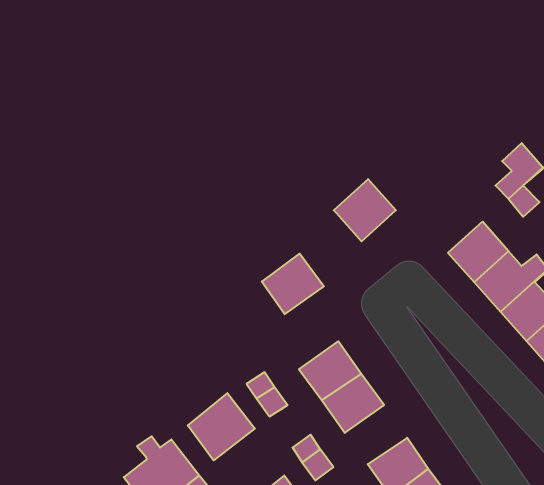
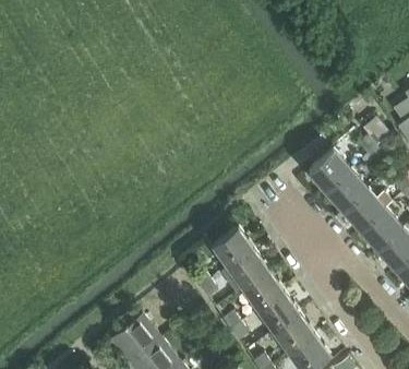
building: [334,179,396,241] -> [309,150,350,191]
building: [262,254,324,314] -> [213,228,254,269]
building: [188,393,255,460] -> none
building: none -> [258,293,300,332]

